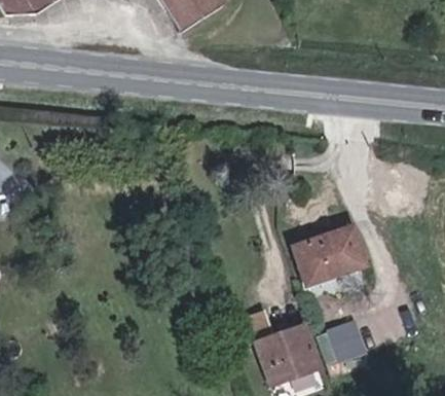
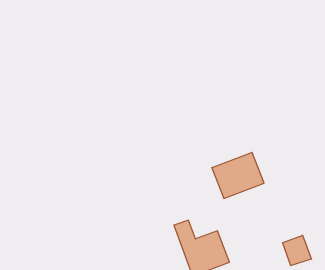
building: [325,318,362,356] -> [283,235,312,265]

